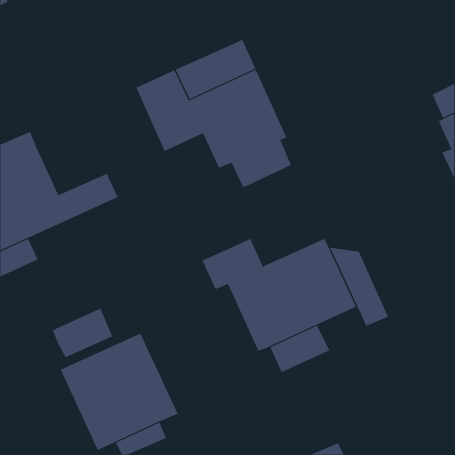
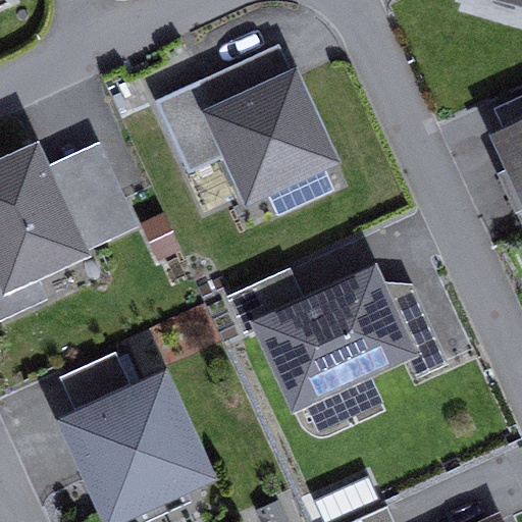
building: none -> [43,145,122,222]

